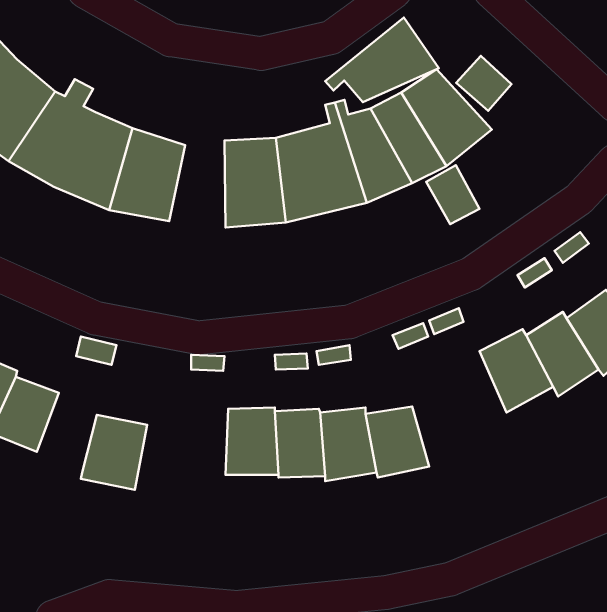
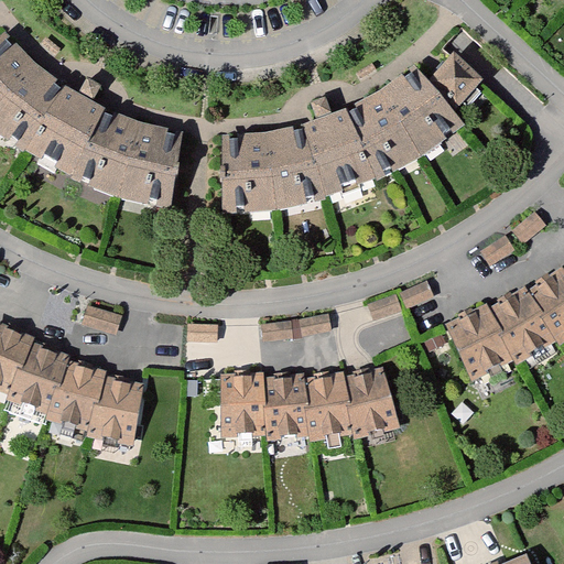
building: [325,17,439,102] -> none
building: [426,165,480,224] -> none
building: none -> [47,364,105,432]

